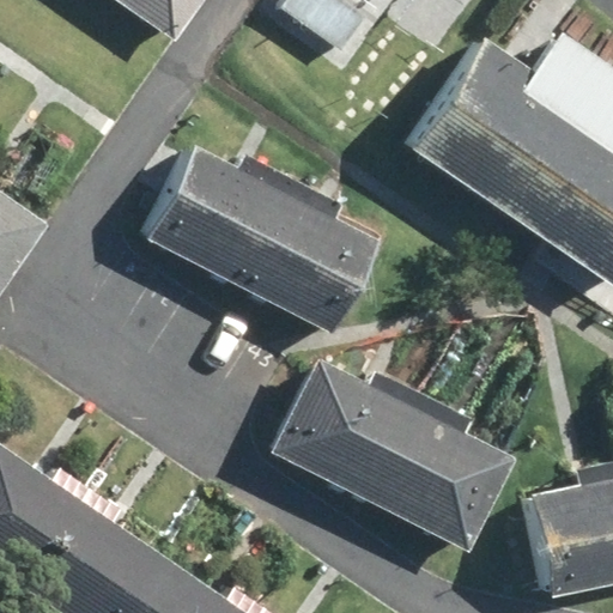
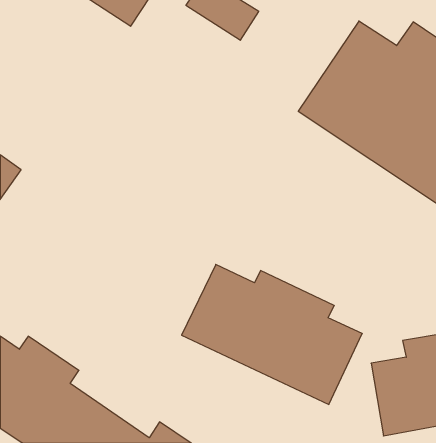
building: [142,147,381,336] -> none

